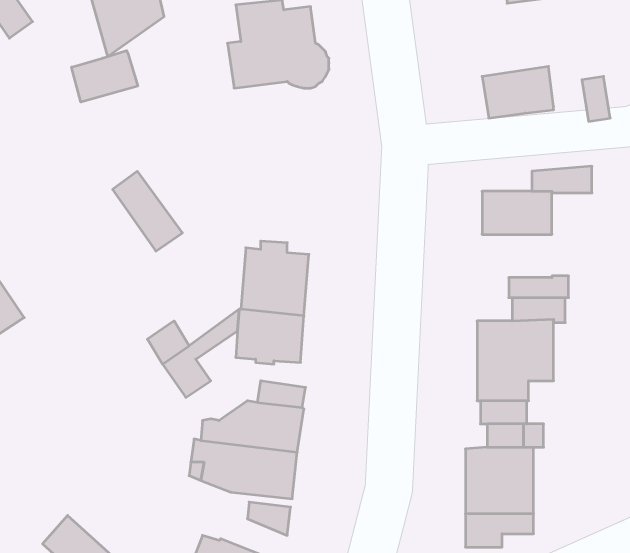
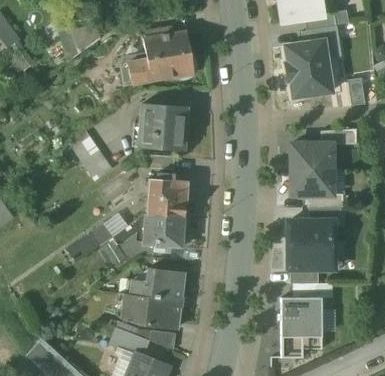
building: none -> [287,42,331,74]
building: [72,51,138,102] -> none
building: none -> [137,103,186,150]
building: none -> [291,169,333,195]
building: none -> [109,327,150,356]

